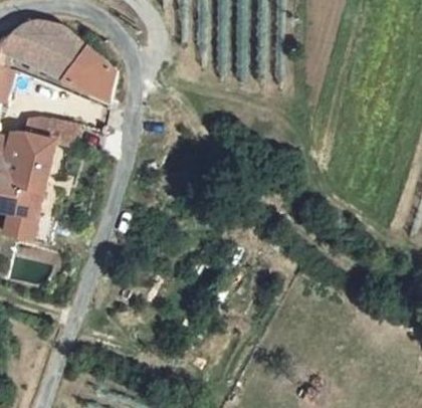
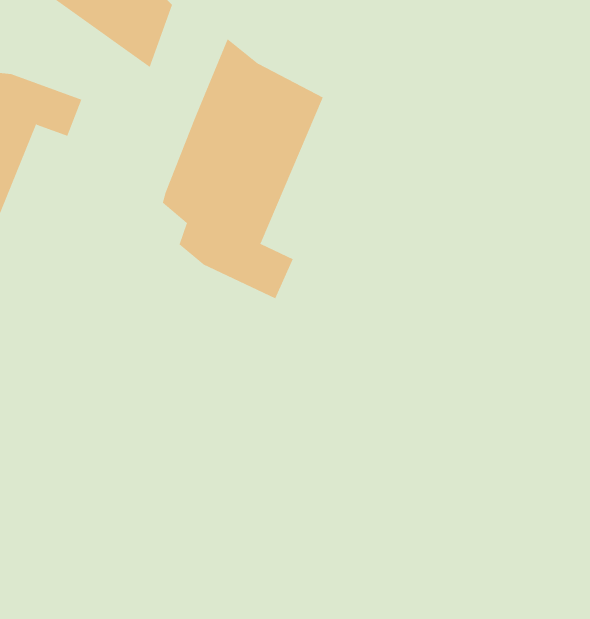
building: none -> [162,38,323,299]

